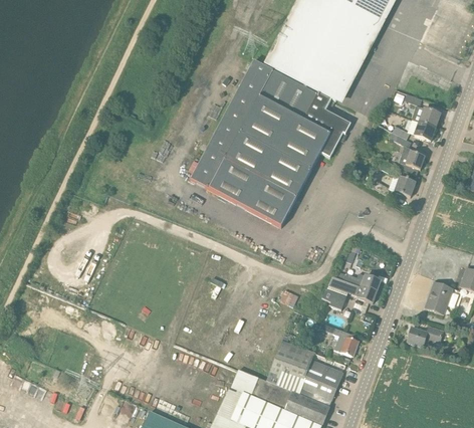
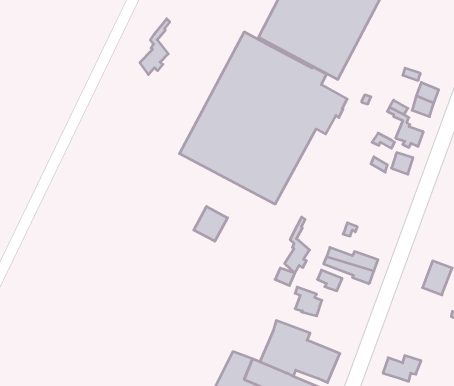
building: none -> [140,19,170,75]
building: none -> [194,206,228,241]
building: none -> [285,217,310,273]
building: [408,325,445,350] -> [383,356,421,381]
building: [333,328,360,356] -> [295,287,322,316]

